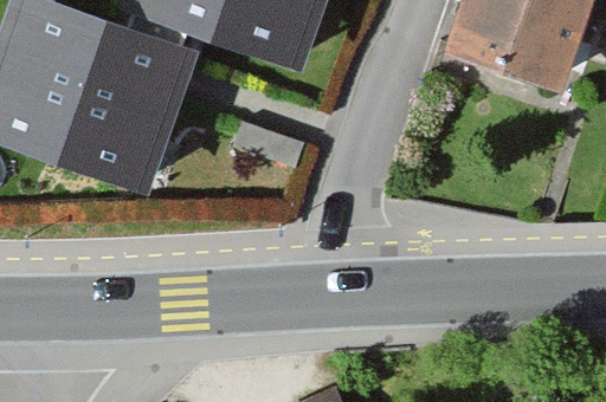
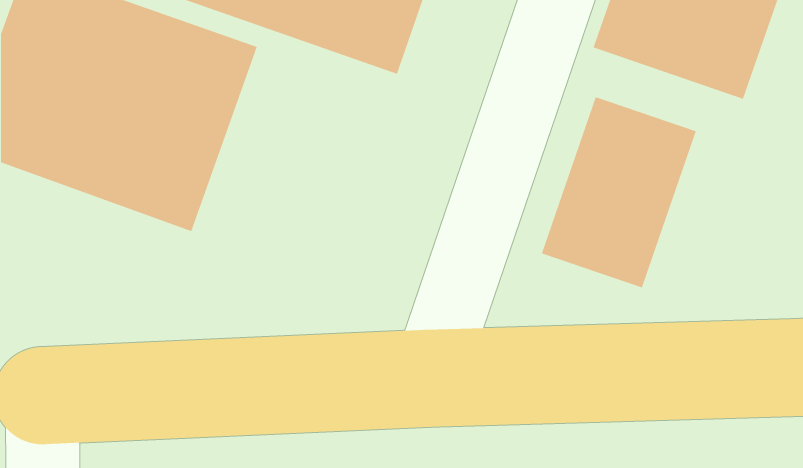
building: none -> [541,96,697,288]

